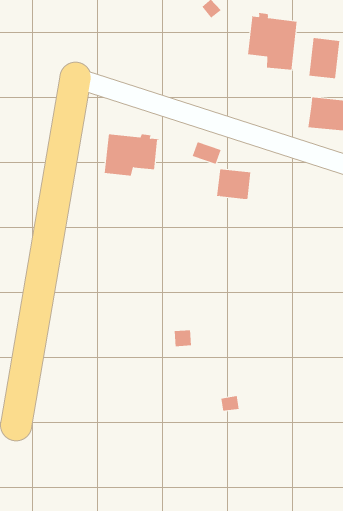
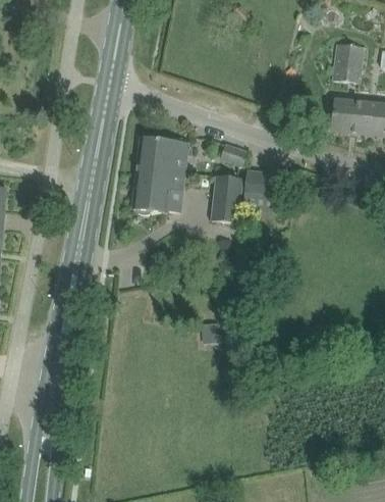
building: [248,12,297,71] -> none
building: none -> [131,169,184,214]
building: none -> [211,174,242,222]

